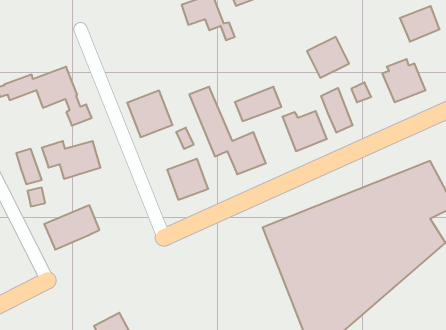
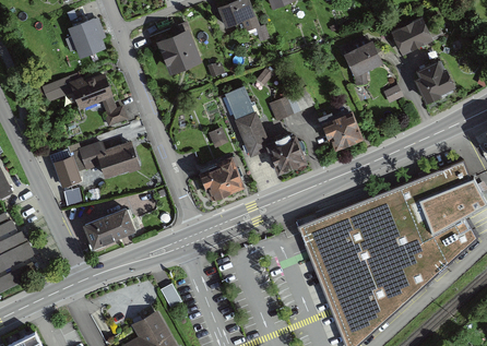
building: [400,6,440,42] -> [389,19,428,53]
building: none -> [71,16,106,57]
building: [321,88,353,133] -> none
building: [127,91,173,137] -> [153,31,198,76]

